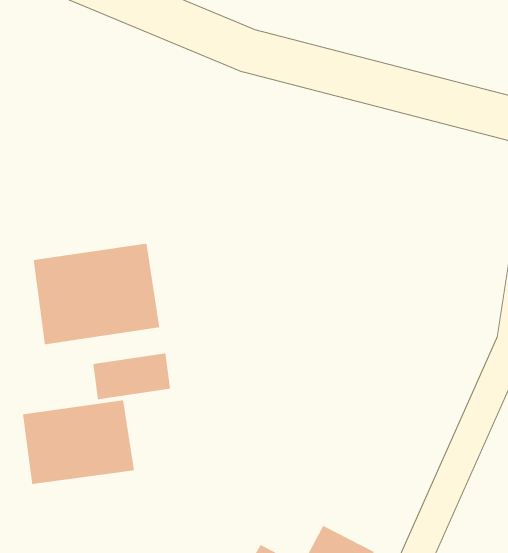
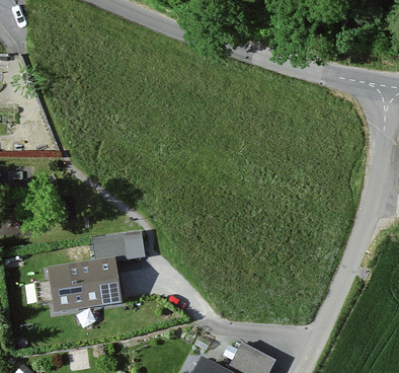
building: [33,243,160,345] -> none

